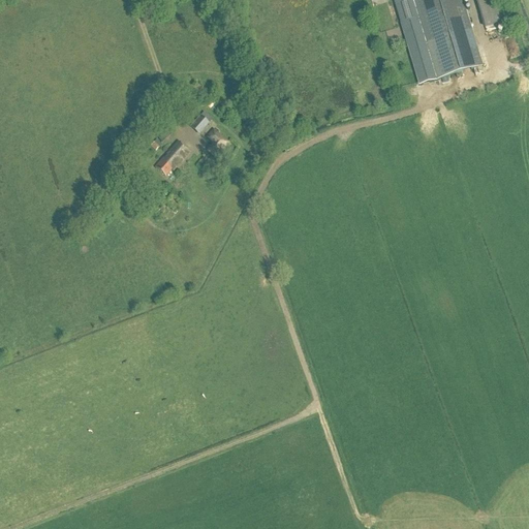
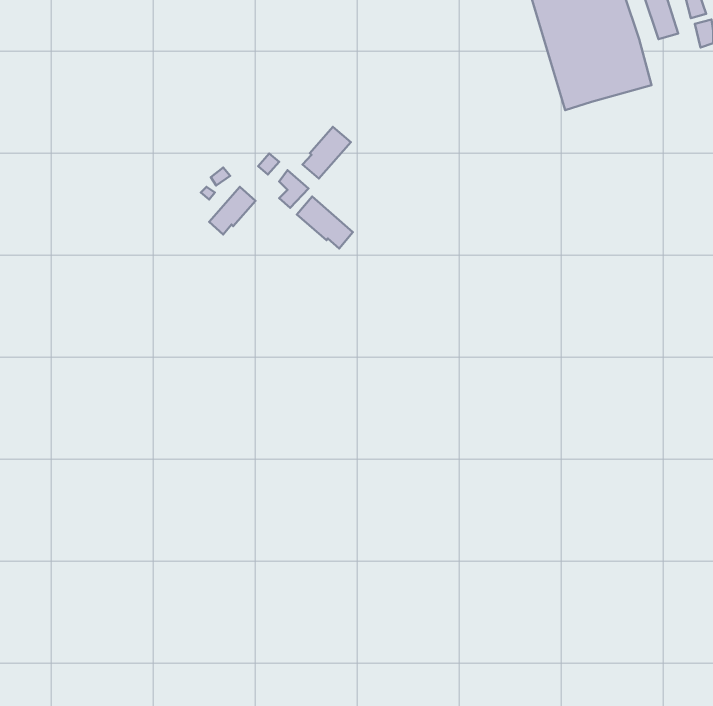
building: none -> [303,127,351,179]
building: none -> [297,196,353,248]

